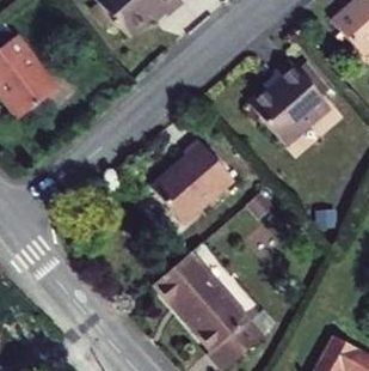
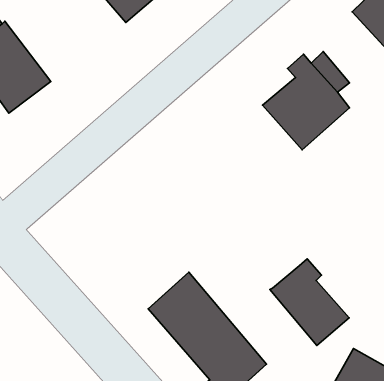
building: [149,146,232,232] -> none
building: none -> [270,259,349,345]

